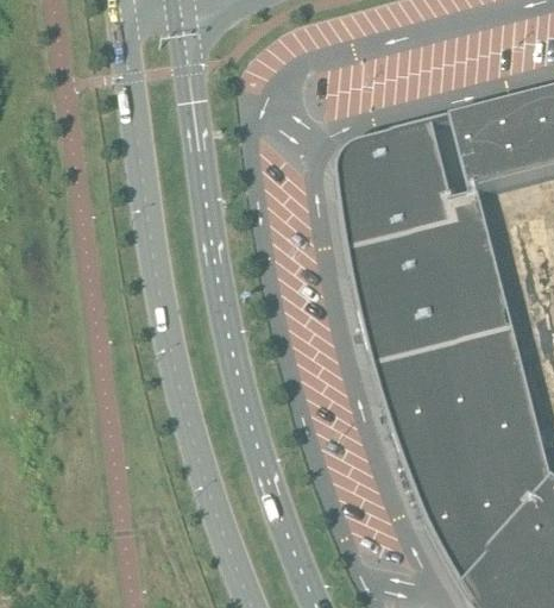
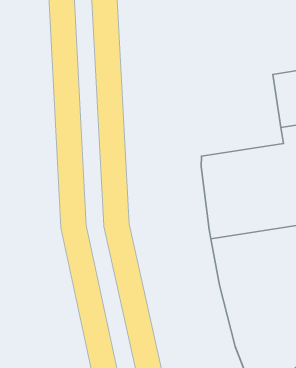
building: [335,118,461,244] -> none

